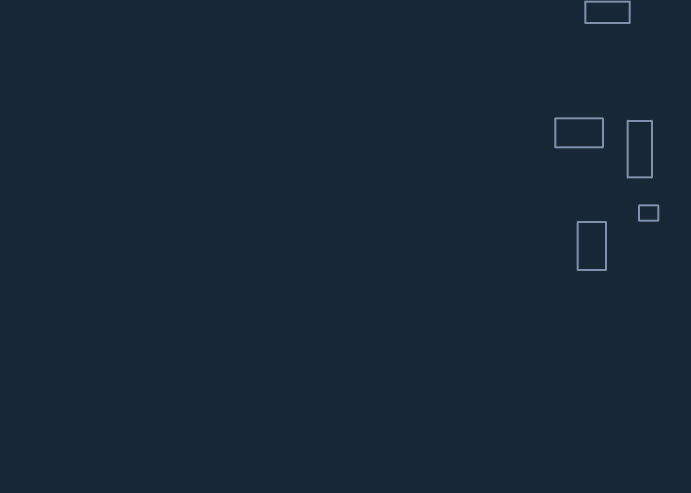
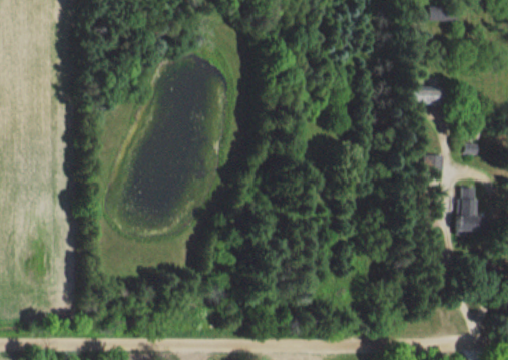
building: [628,121,652,178] -> none
building: none -> [459,187,477,231]

